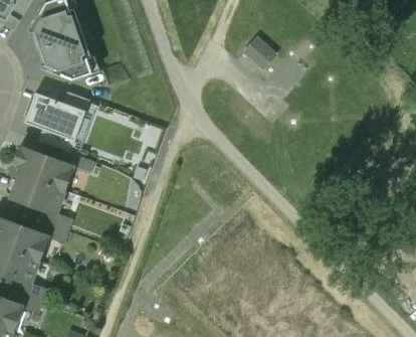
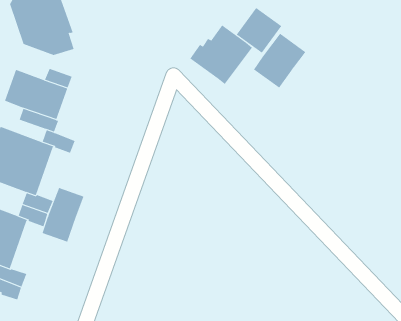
building: none -> [189,25,252,85]
building: none -> [253,33,306,89]
building: none -> [42,187,84,243]

